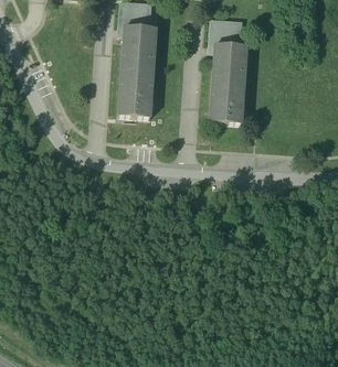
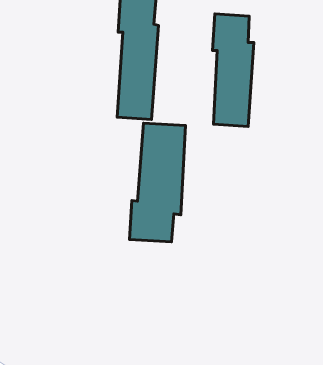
building: none -> [129,123,186,242]

